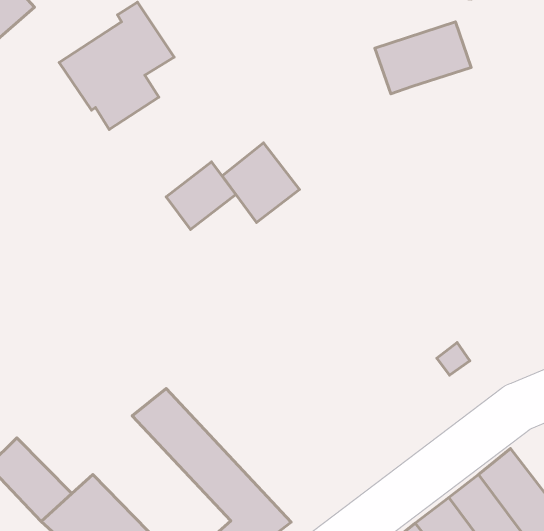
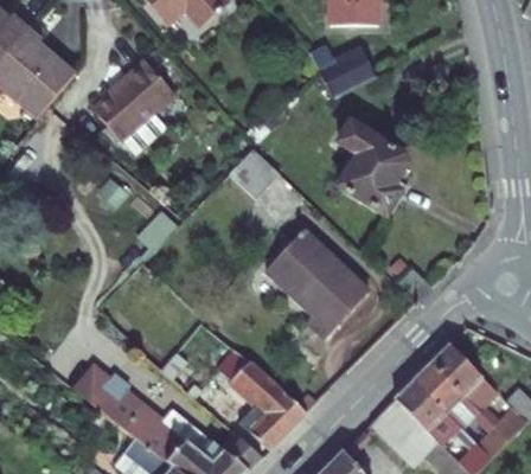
building: none -> [337,121,409,217]
building: [166,162,236,229] -> none
building: none -> [263,233,366,341]

